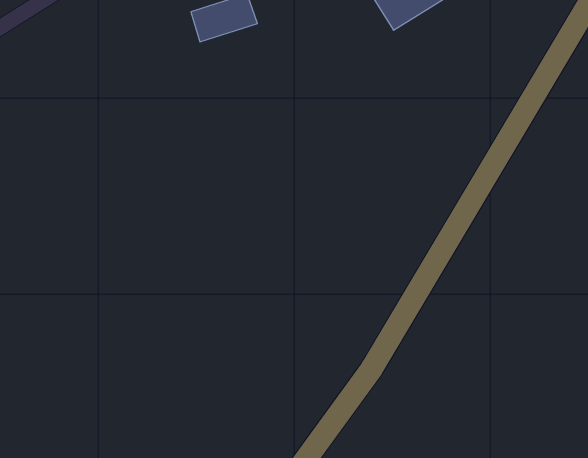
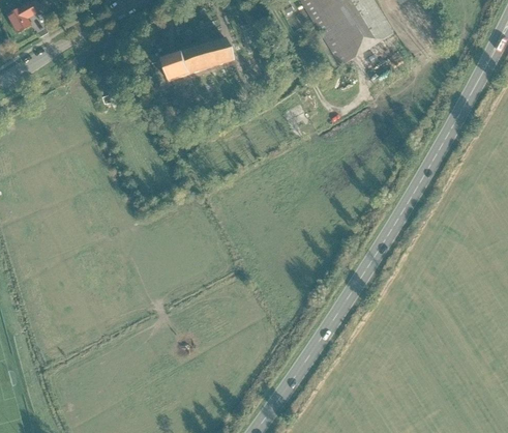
building: none -> [158,50,187,81]

